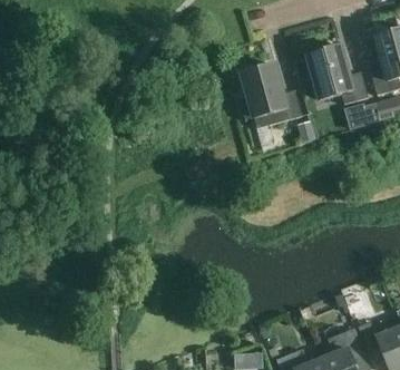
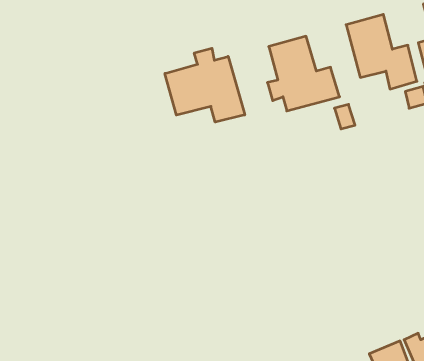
building: none -> [165,48,245,122]

